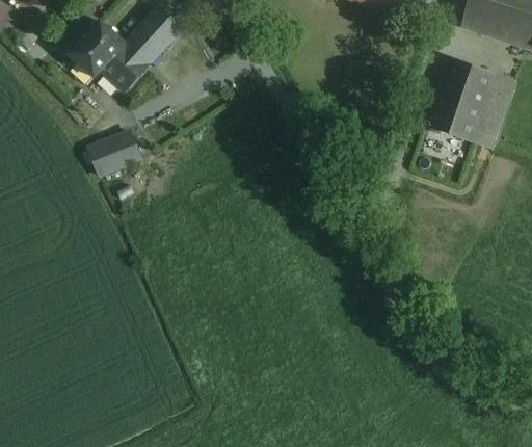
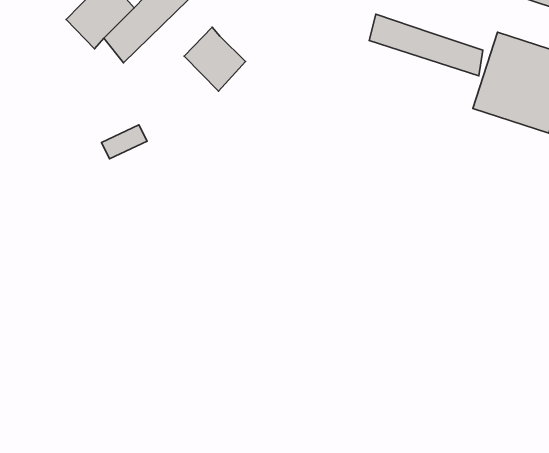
building: none -> [369,14,483,76]
building: none -> [184,27,245,91]

